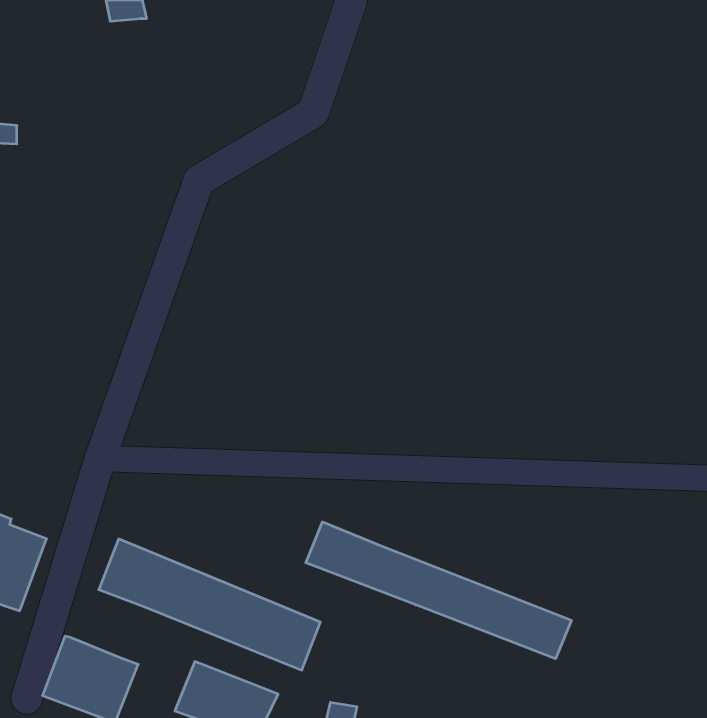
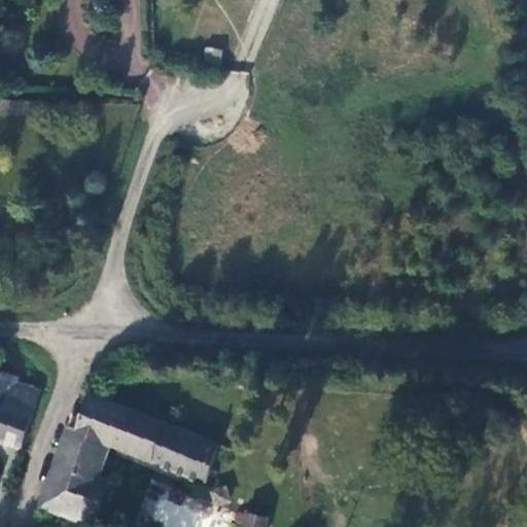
building: [306,522,571,659] -> none
building: none -> [51,429,105,483]

